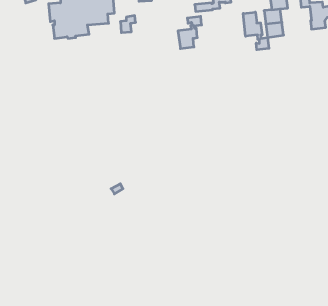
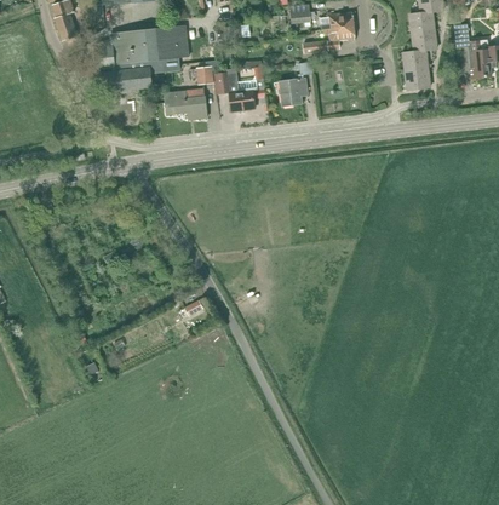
building: [243,12,269,50] -> none
building: none -> [213,70,264,110]
building: none -> [165,90,206,117]

